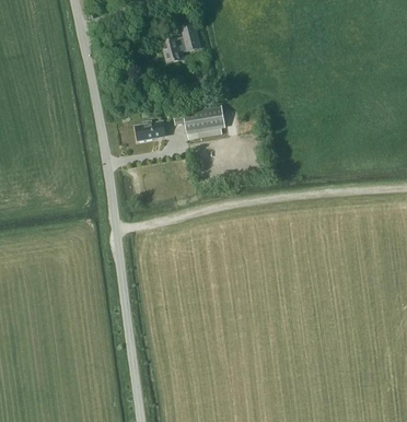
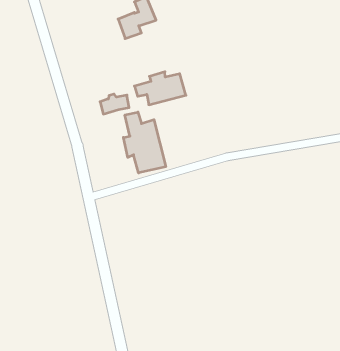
building: none -> [123,112,166,173]

